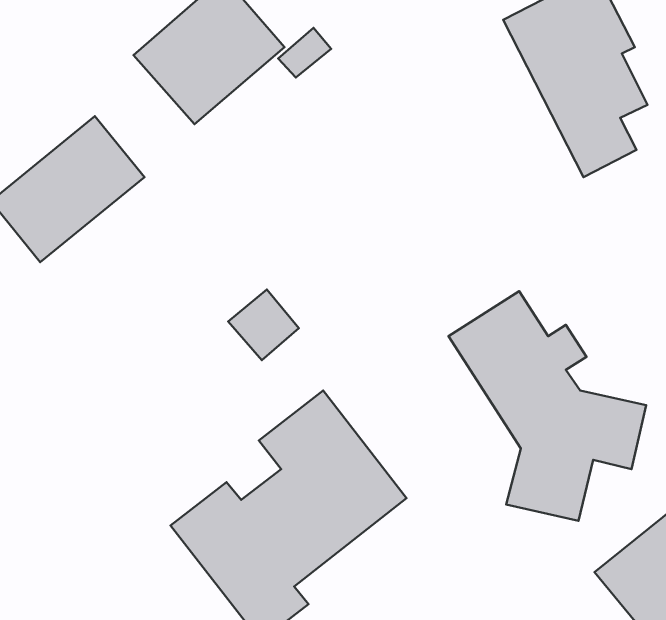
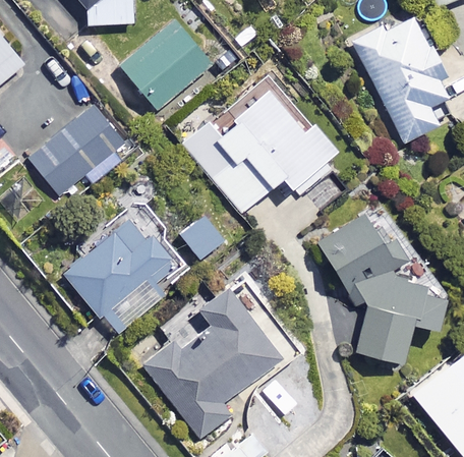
building: none -> [173,89,336,214]
building: none -> [63,211,182,336]

